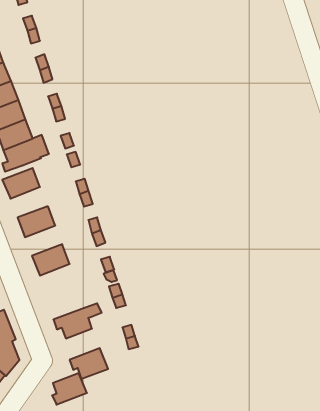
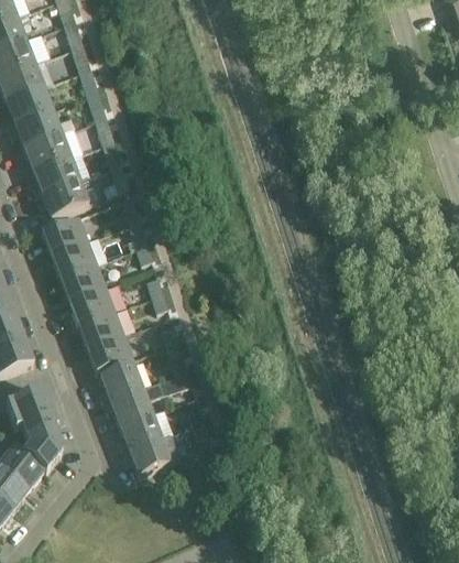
building: none -> [52,237,97,274]
building: none -> [69,284,116,322]
building: none -> [88,332,133,369]
building: none -> [100,360,143,400]
building: [52,373,87,405] -> [119,411,162,450]

